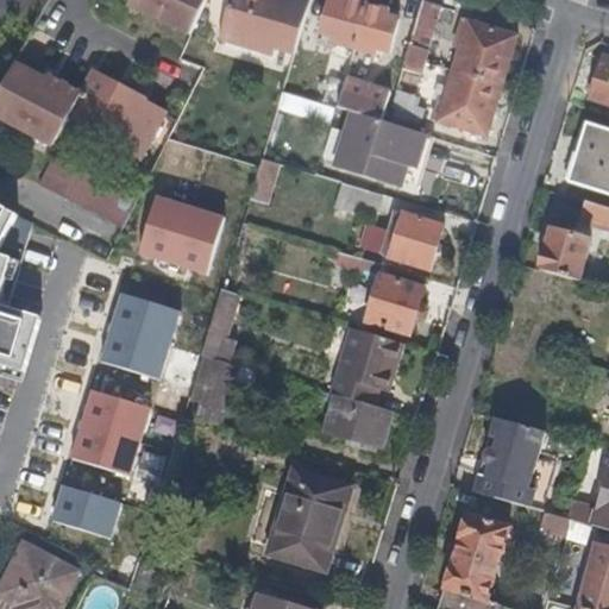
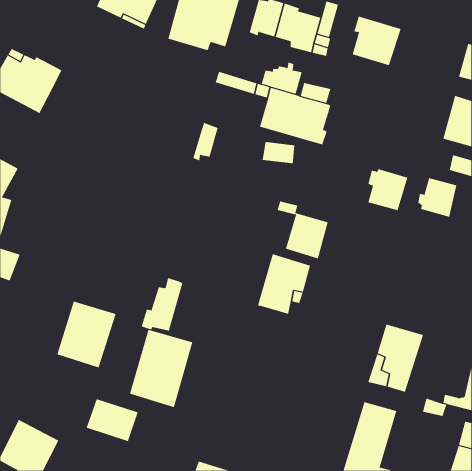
building: [68,68,167,158] -> none
building: [431,70,501,134] -> none
building: [37,156,137,220] -> none
building: [139,194,226,274] -> none
building: [390,213,442,268] -> [367,168,408,211]
building: [202,288,238,362] -> none
building: [101,291,177,378] -> none
building: [324,394,390,445] -> none
building: [266,469,349,570] -> [129,329,193,408]
building: [51,484,119,540] -> [86,398,139,442]

